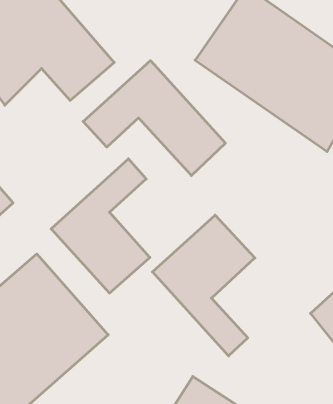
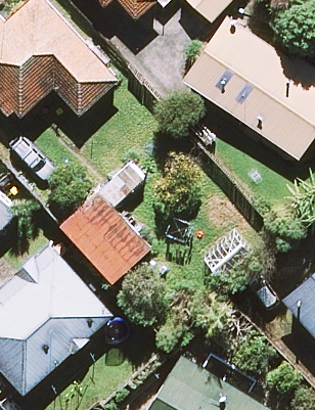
building: [83,61,225,176] -> none
building: [152,215,255,356] -> none

